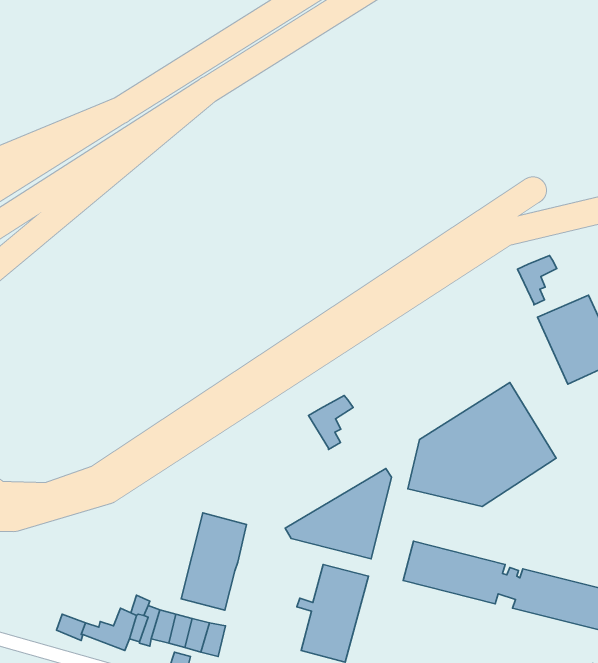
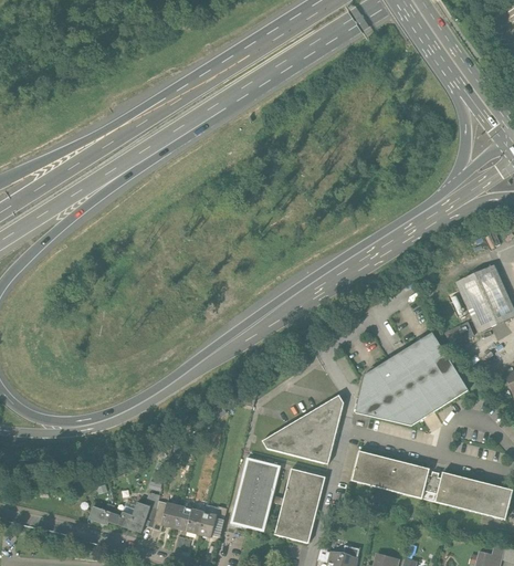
building: [517,255,557,305] -> none
building: [308,395,353,450] -> none
building: [181,513,247,610] -> [231,457,281,531]

